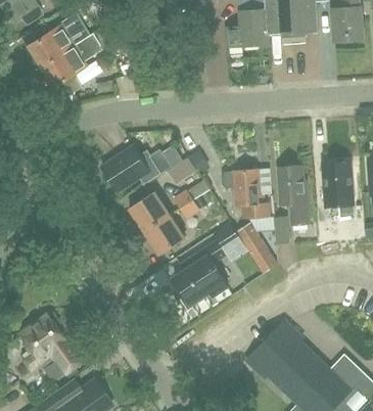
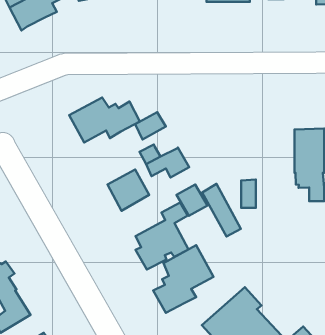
building: [279,166,310,226] -> none
building: [223,169,271,219] -> none
building: [130,191,171,231] -> none
building: none -> [153,245,213,313]

